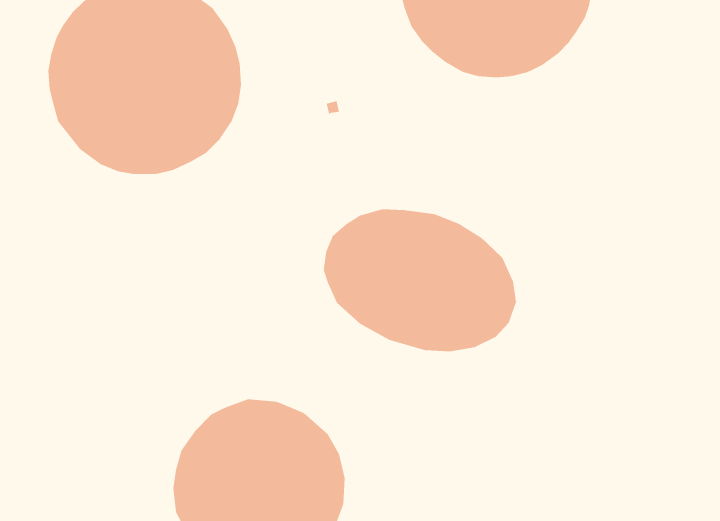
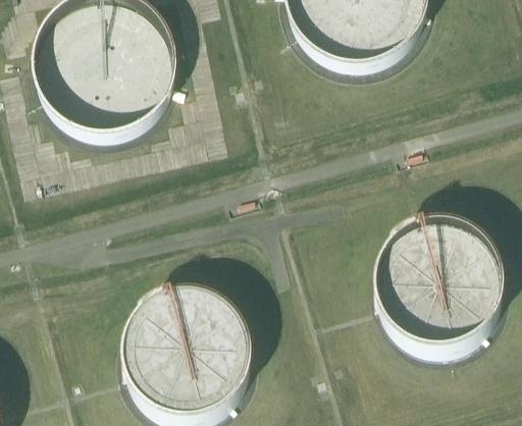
building: [323,209,517,352] -> none
building: none -> [379,224,505,349]

